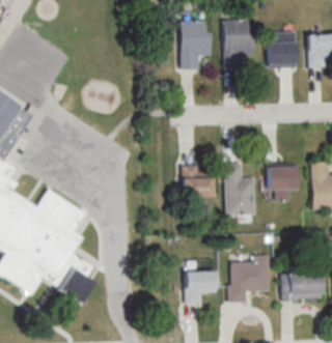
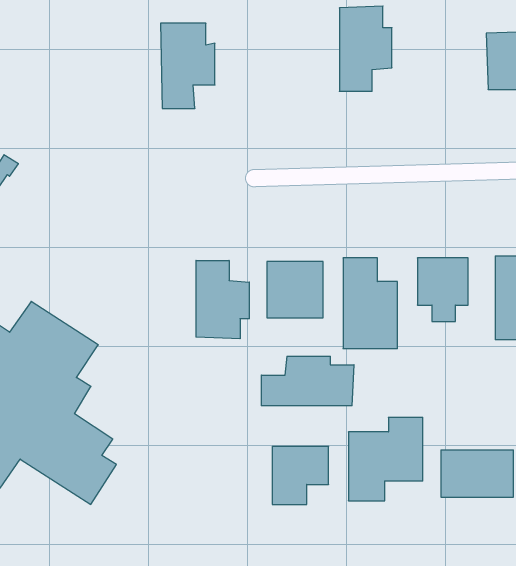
building: [179,21,211,69] -> [161,23,215,108]
building: [268,32,297,67] -> none
building: none -> [196,260,249,339]
building: none -> [261,356,354,406]

